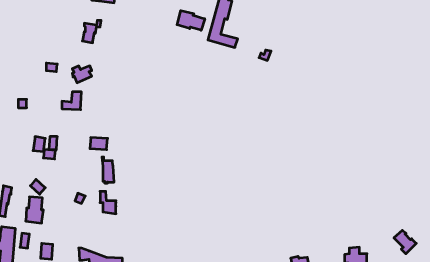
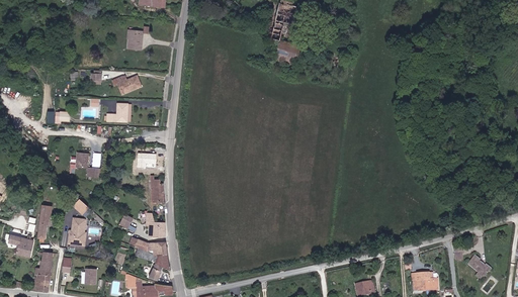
building: [177,11,205,30] -> none
building: none -> [130,237,169,281]

